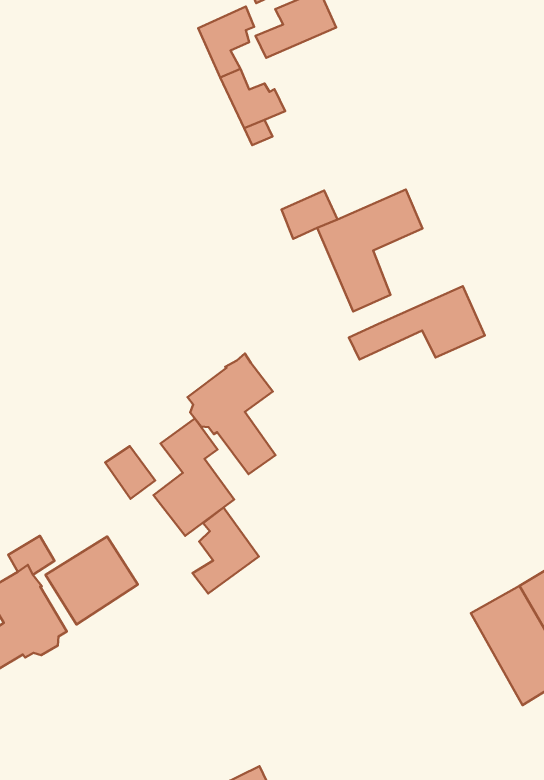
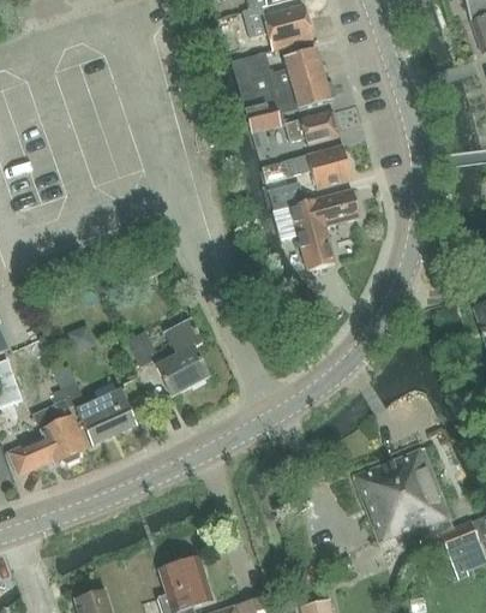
building: none -> [272,73,335,108]
building: none -> [283,109,338,143]
building: [349,286,485,360] -> [260,143,350,188]
building: [188,353,275,474] -> none
building: [192,507,259,594] -> none

